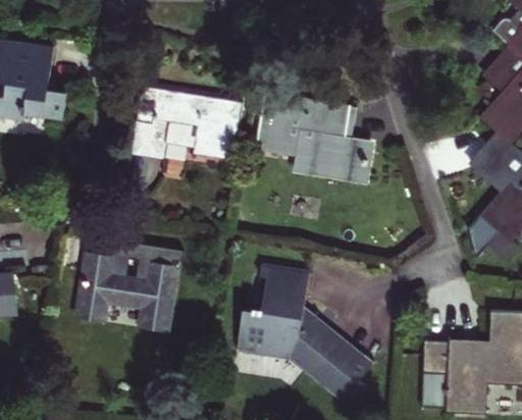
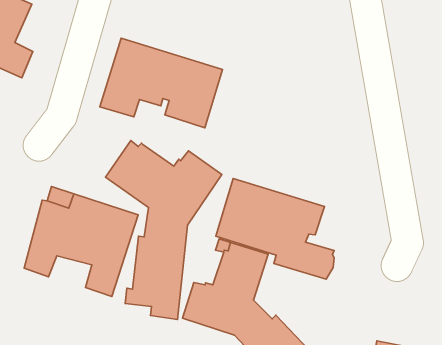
building: [258,92,374,175] -> [216,179,334,279]
building: none -> [105,141,222,319]

